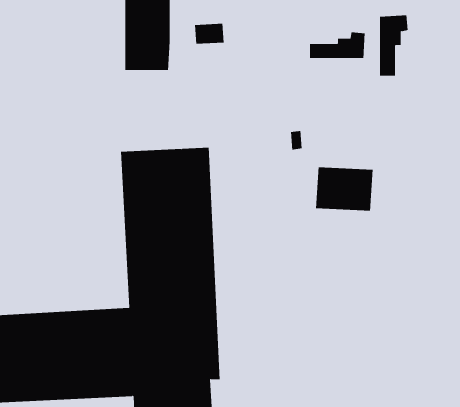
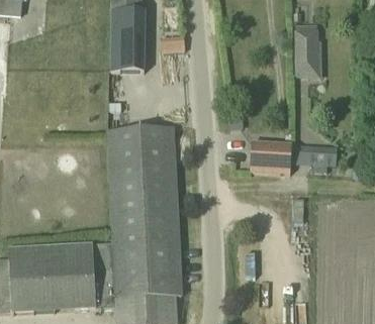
building: [309,31,365,59] -> none
building: none -> [308,142,337,166]

